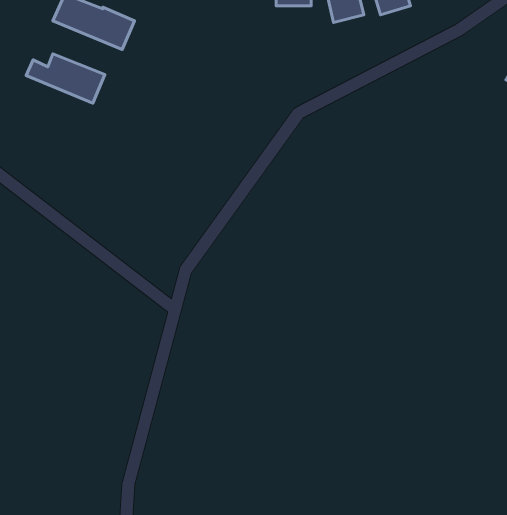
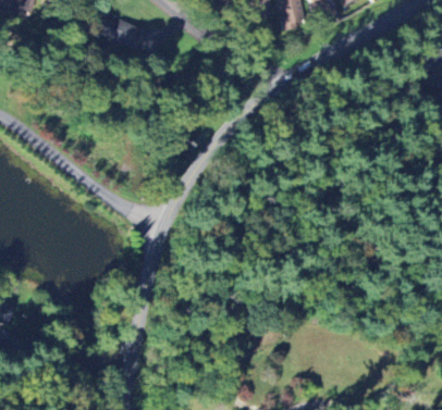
building: [26,54,105,103] -> none

